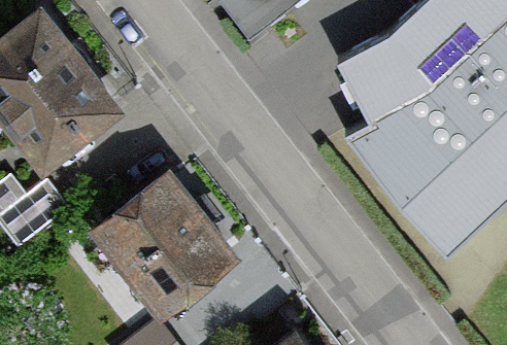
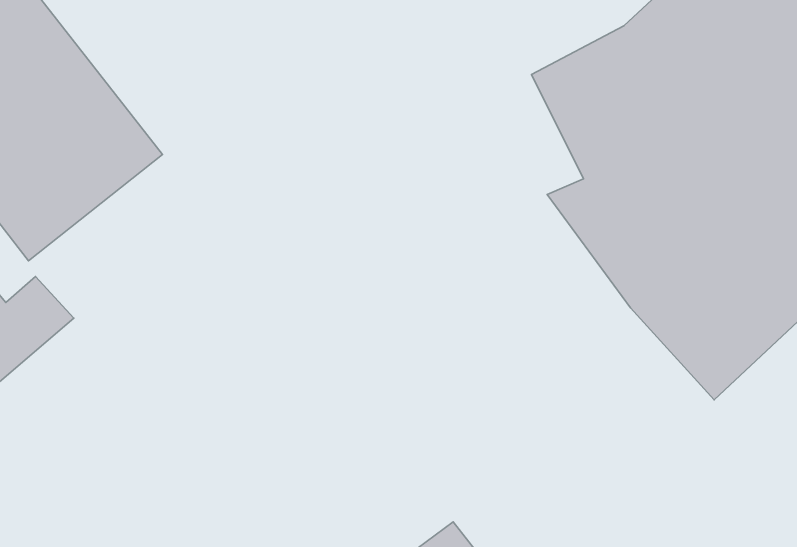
building: [89,169,236,318] -> none

